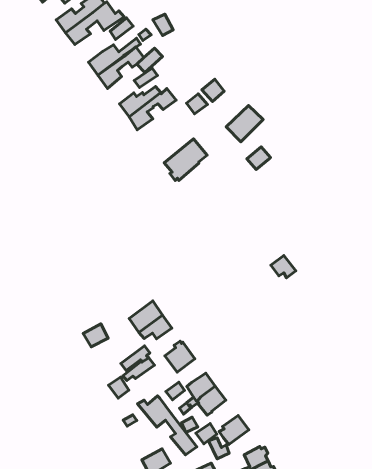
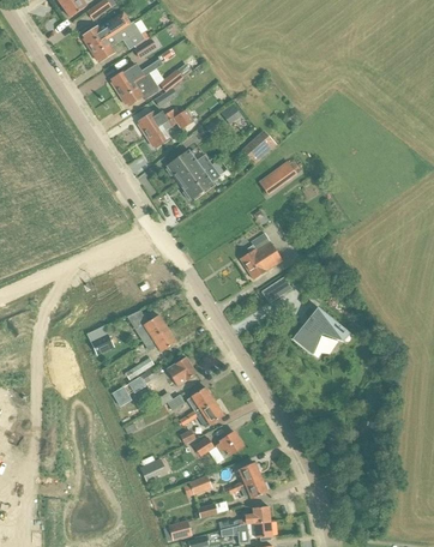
building: none -> [165,149,209,180]
building: none -> [240,240,282,278]
building: none -> [291,306,349,354]
building: [138,396,197,455] -> none

